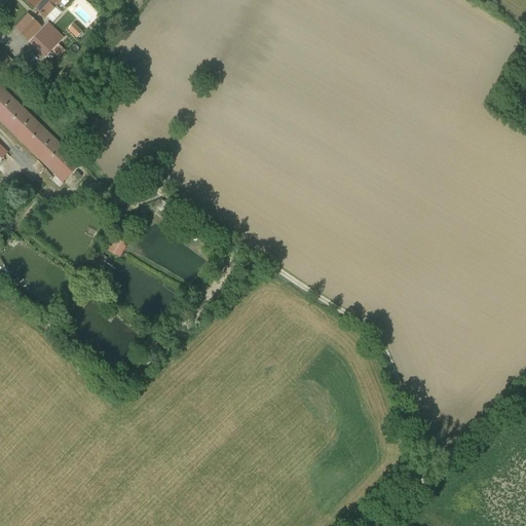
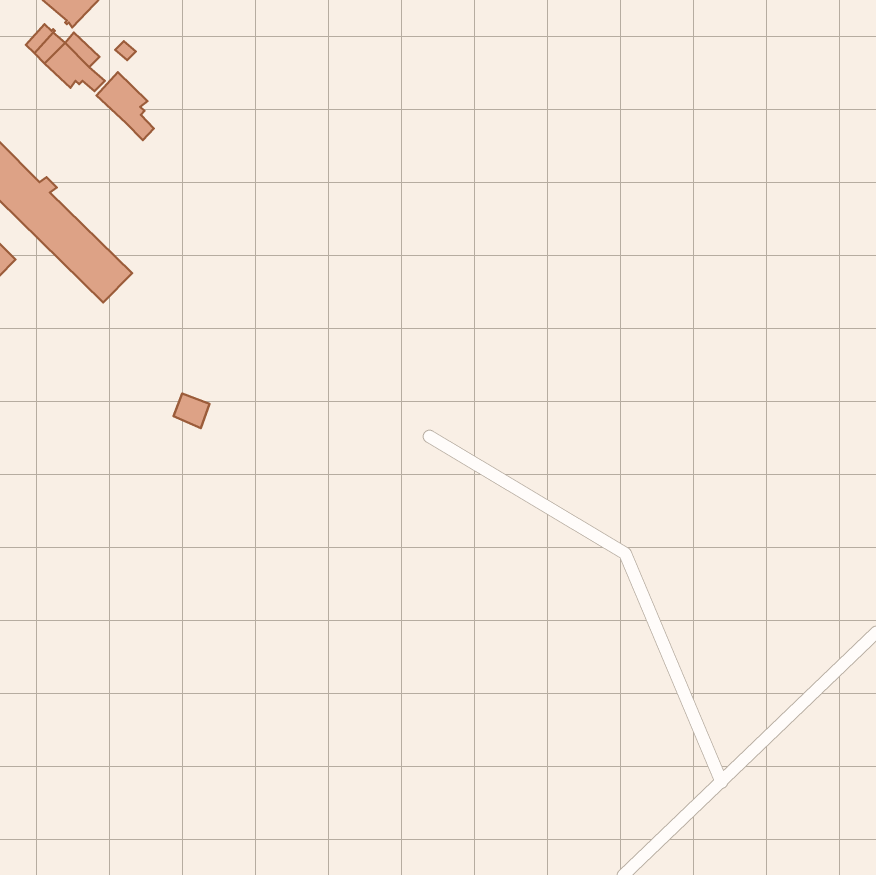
building: none -> [96,72,154,140]

